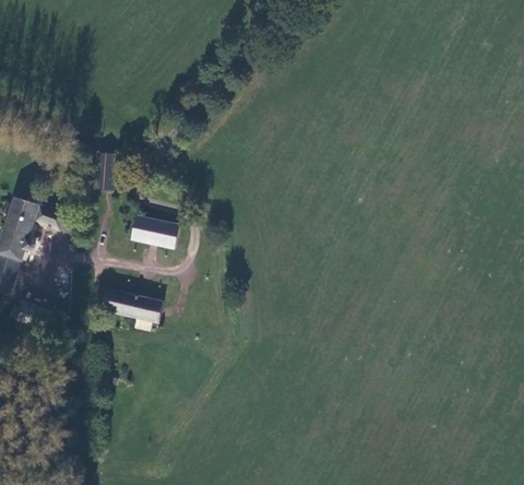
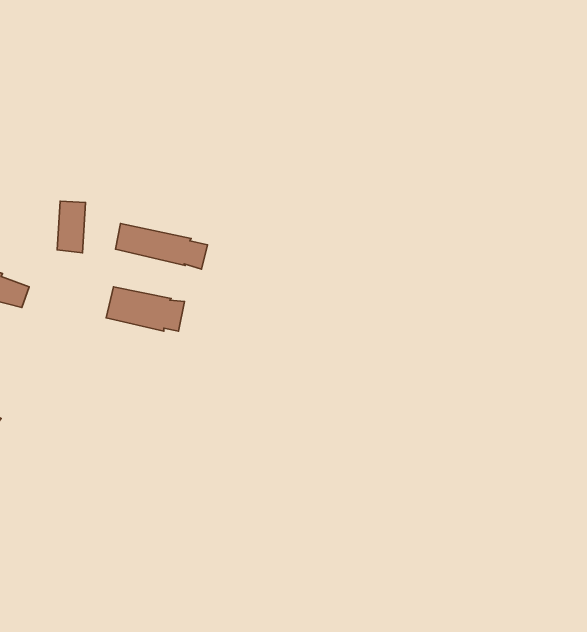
building: none -> [115,223,208,269]
building: [102,288,163,322] -> none

